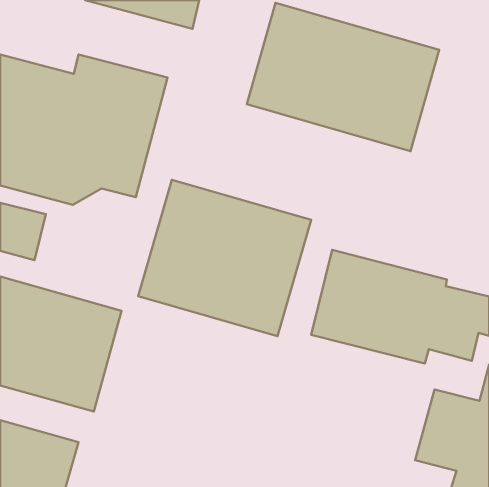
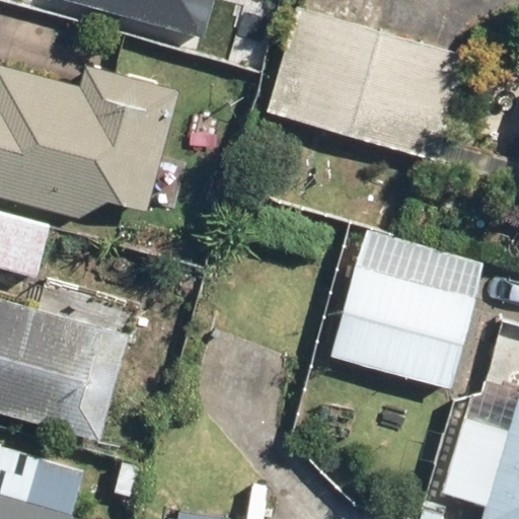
building: [138,180,311,336] -> none

